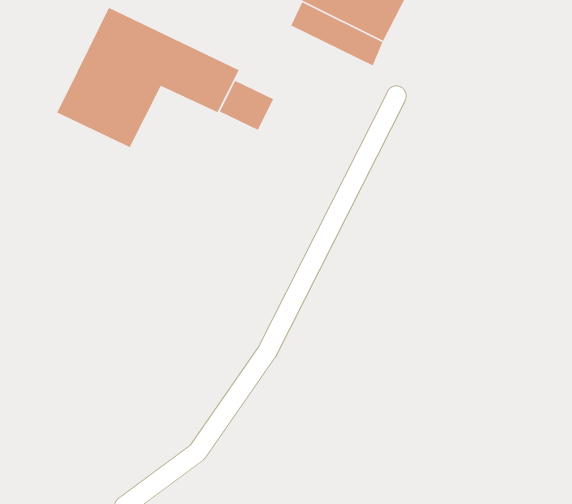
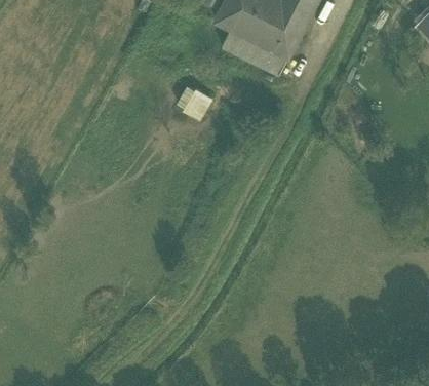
building: [56,7,240,148] -> none

